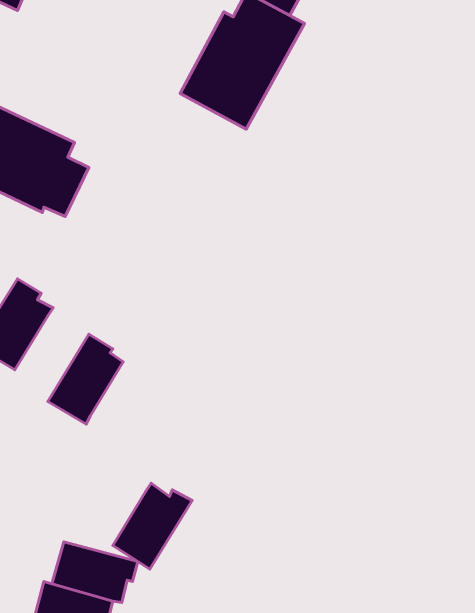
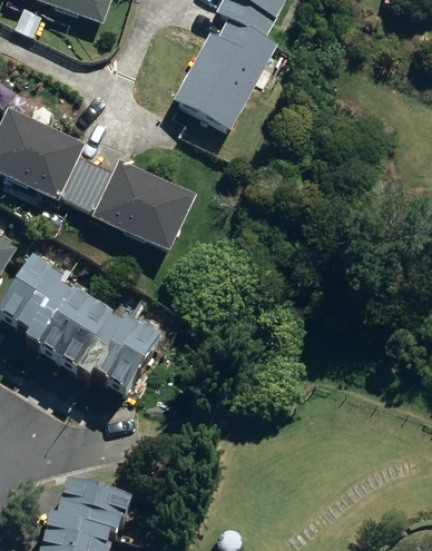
building: none -> [75,158,194,254]
building: none -> [27,288,95,361]
building: [113,483,192,569] -> [96,321,163,393]

